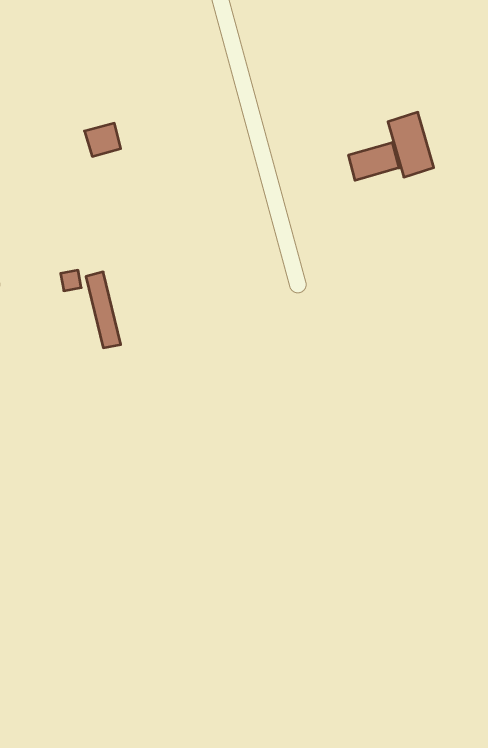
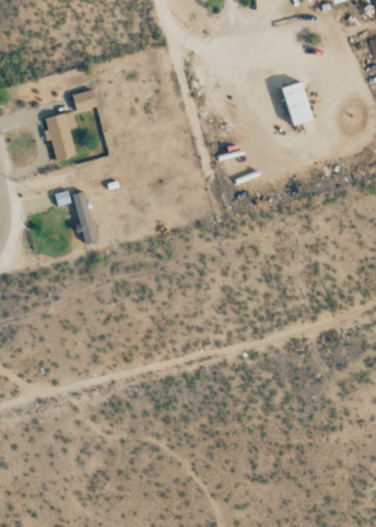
building: [349,142,399,180] -> none
building: none -> [43,111,77,158]

